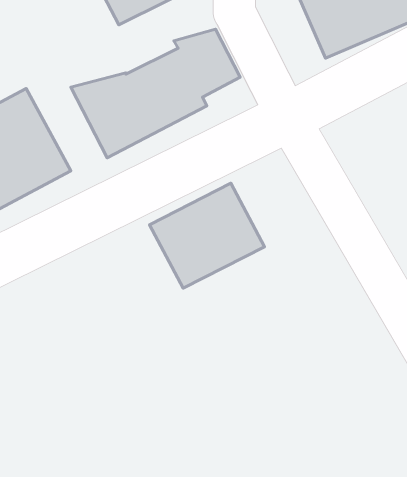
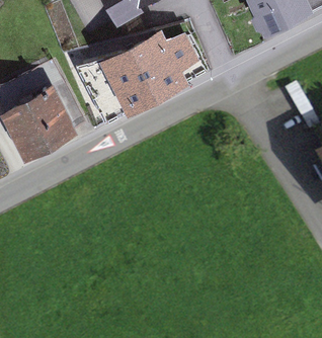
building: [150,183,264,288] -> none

